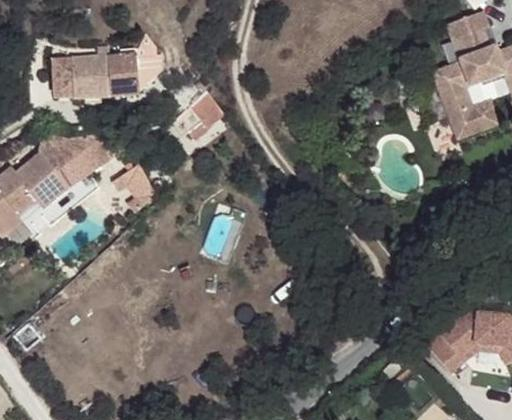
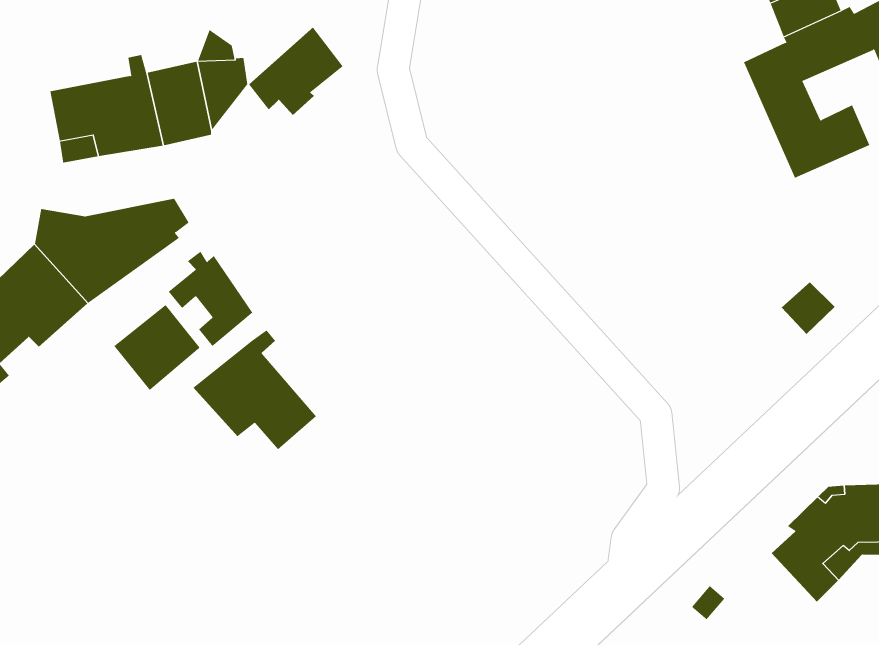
building: [173,92,226,140] -> [248,26,344,116]
building: none -> [113,304,200,391]
building: none -> [192,329,317,450]

